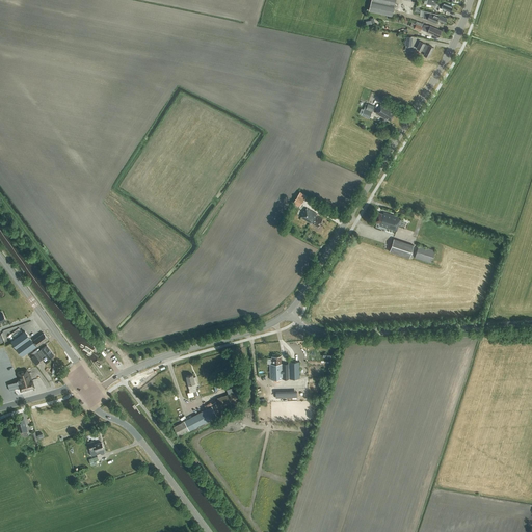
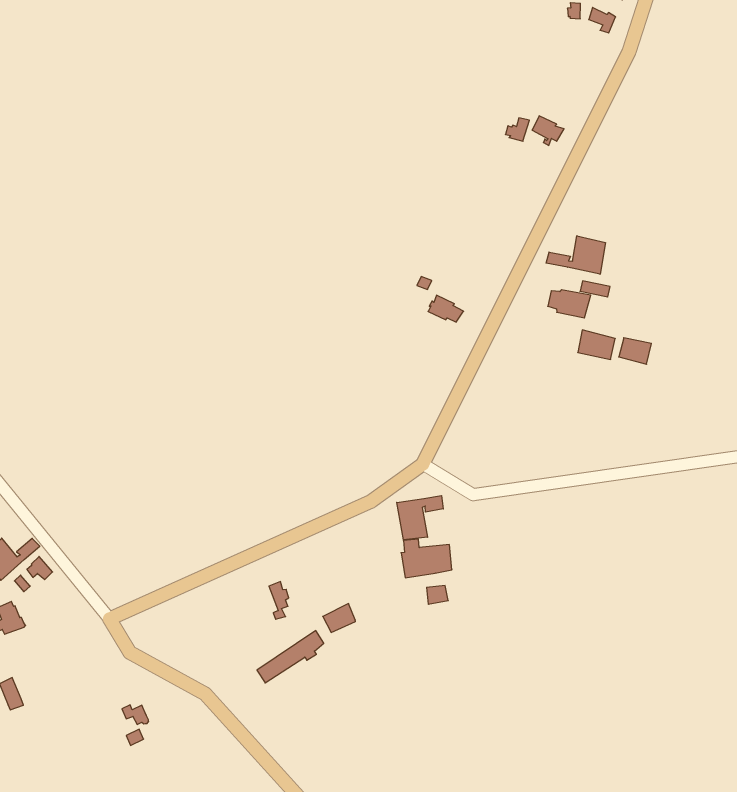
building: none -> [546,236,605,274]
building: none -> [397,496,443,540]

